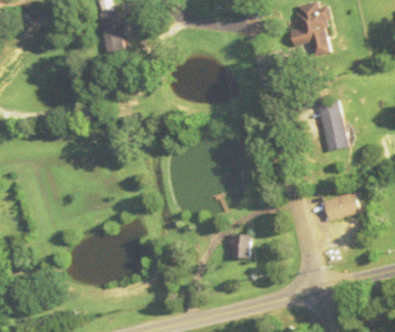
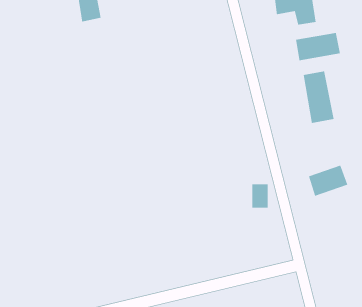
building: none -> [296,32,341,61]
building: [233,233,249,256] -> [251,184,268,208]

